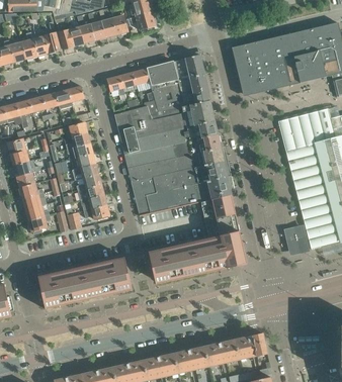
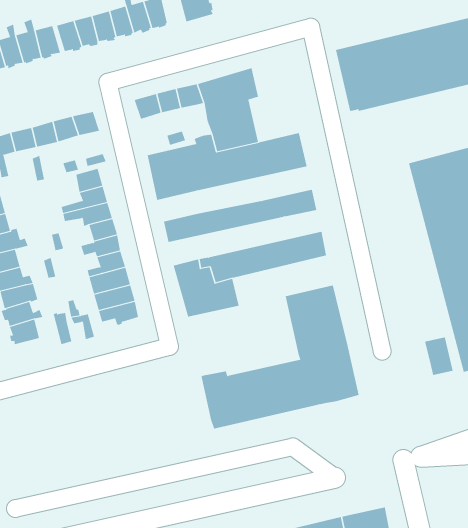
building: [178,55,209,105] -> none
building: [120,120,218,155] -> none
building: [127,148,224,182] -> none
building: [168,176,231,207] -> none
building: [37,256,132,308] -> none

